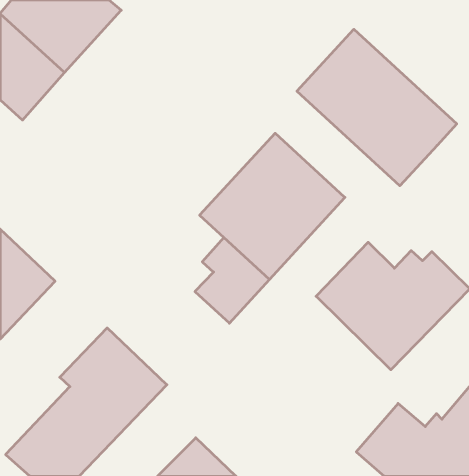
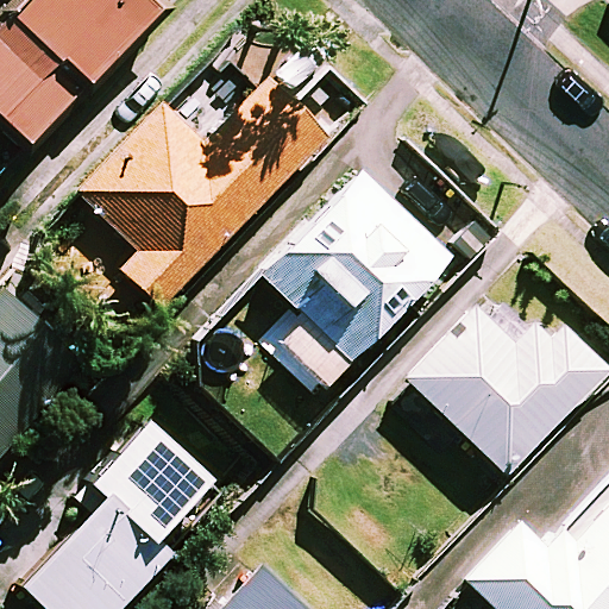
building: [297,29,457,186] -> none
building: none -> [82,79,324,306]

